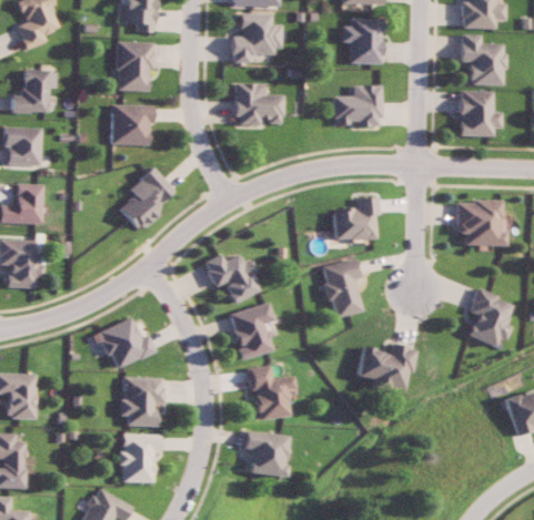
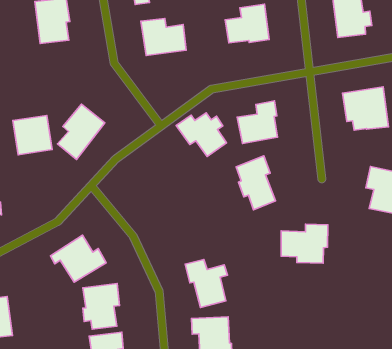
building: [112,105,152,145] -> [13,115,52,155]
building: [201,254,255,304] -> [176,113,226,157]
building: [225,303,271,360] -> none

